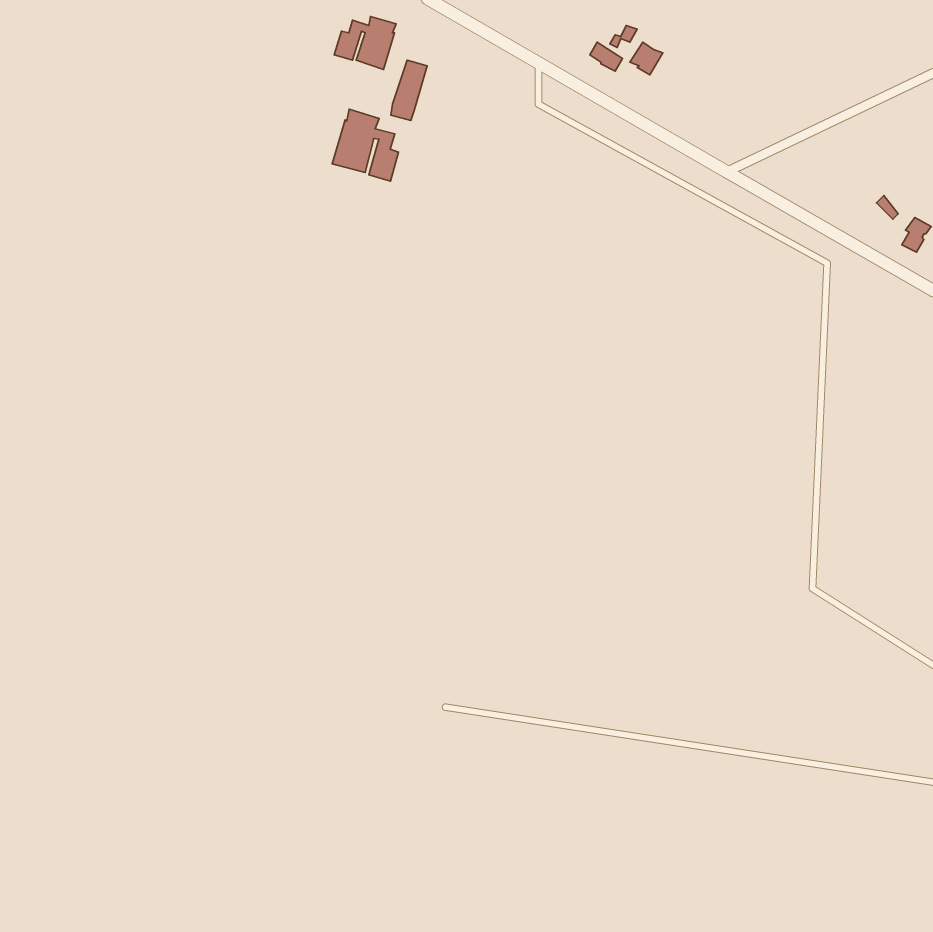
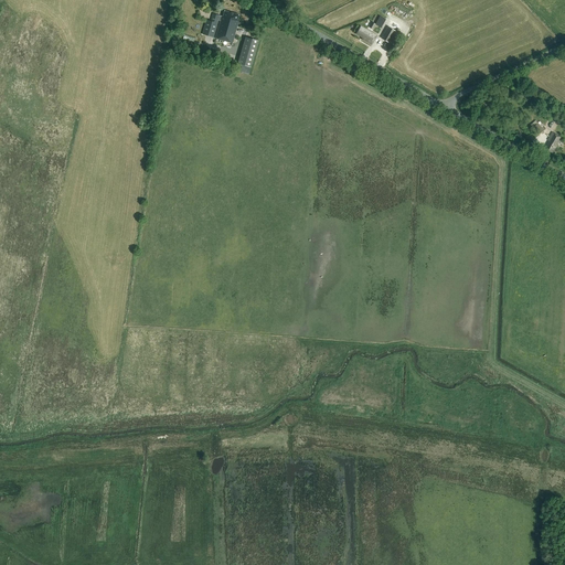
building: [332,109,399,181] -> none

